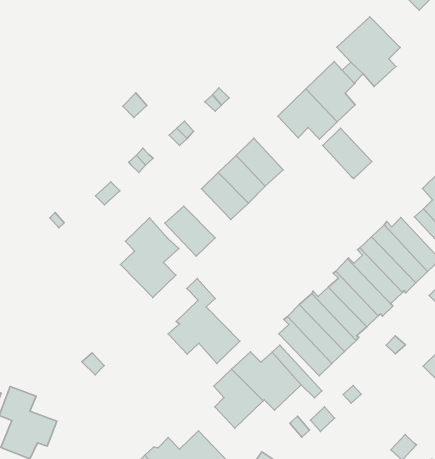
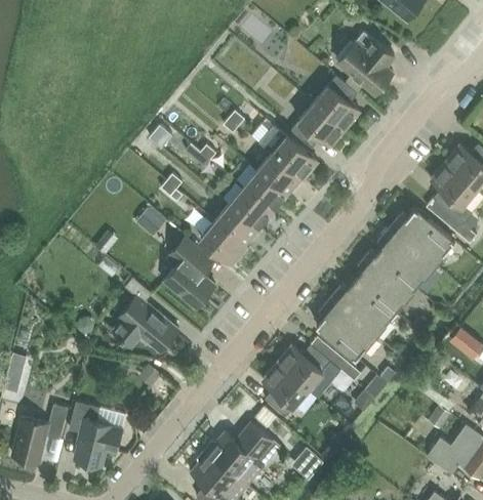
building: [323,128,372,179] -> [272,136,318,180]
building: none -> [215,205,259,248]
building: [168,278,240,363] -> [113,278,178,352]

